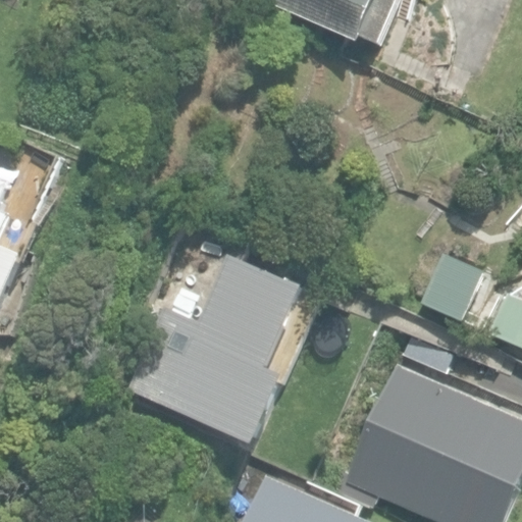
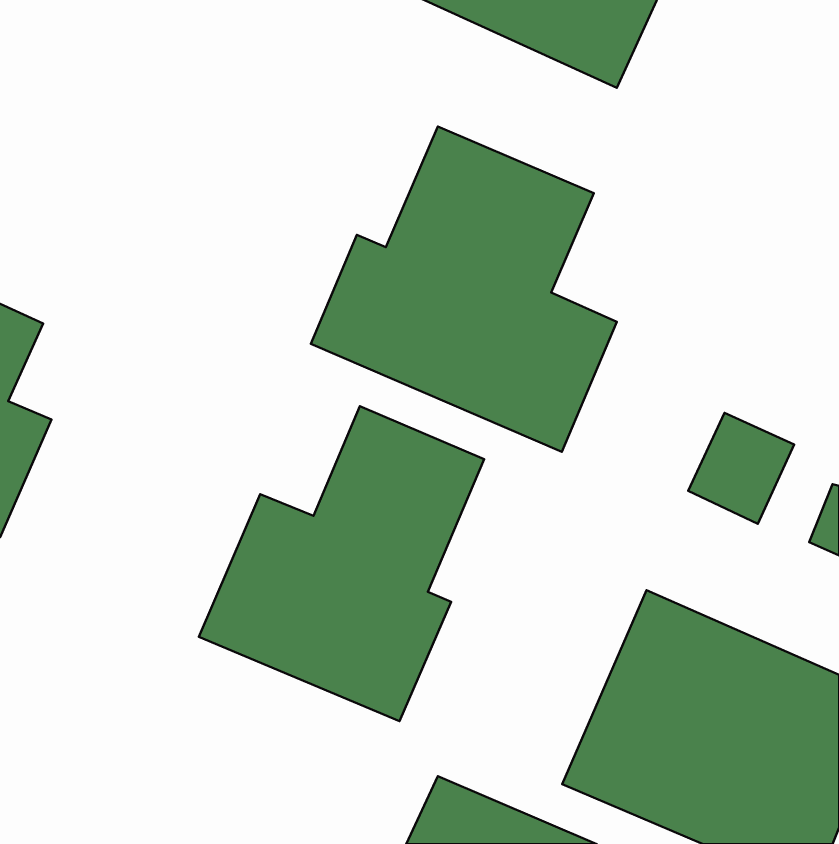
building: none -> [311,127,617,452]

